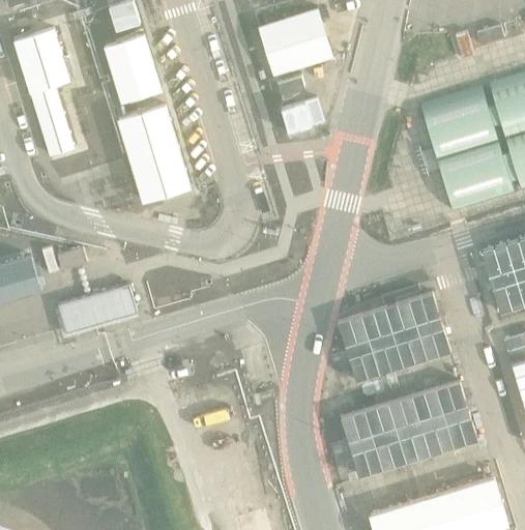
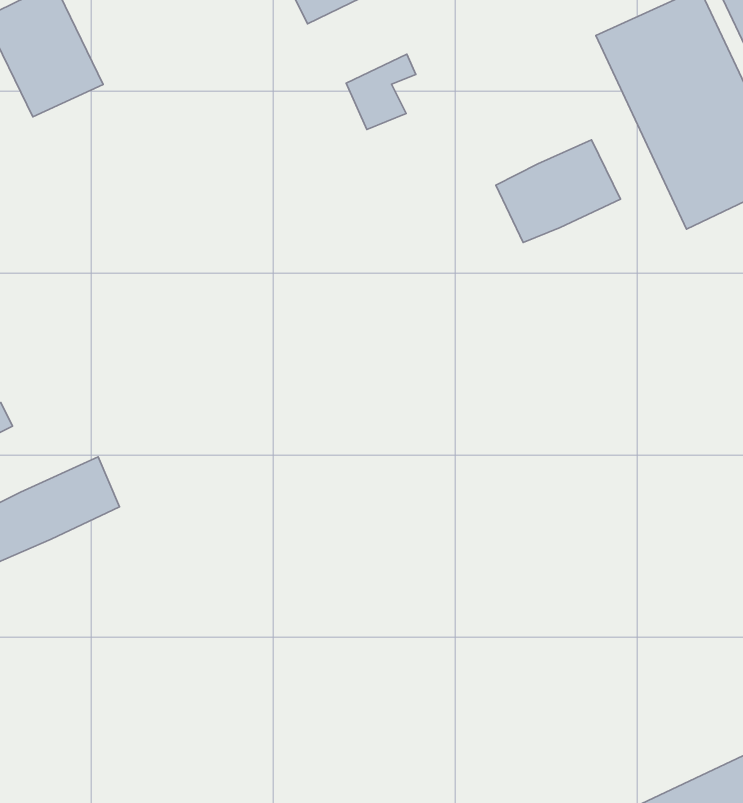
building: [116,104,191,202] -> none
building: none -> [496,140,620,243]

